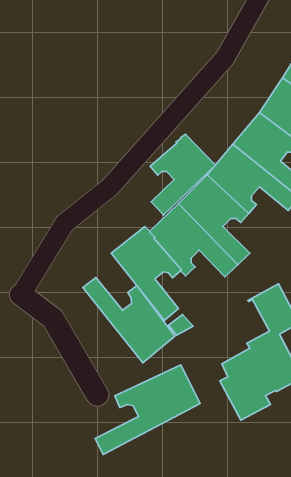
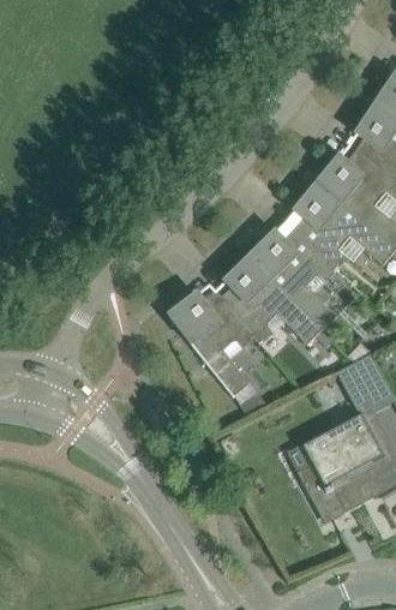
building: [150,134,215,215] -> none
building: [83,277,175,363] -> none
building: [95,365,200,455] -> none

